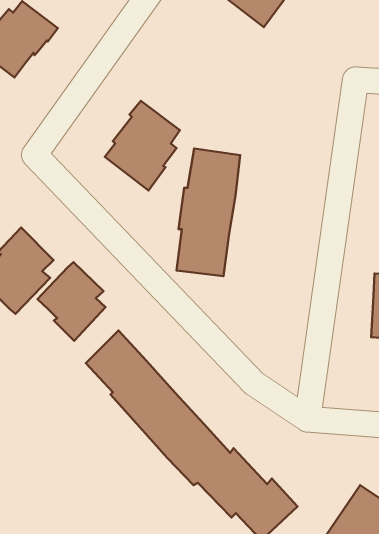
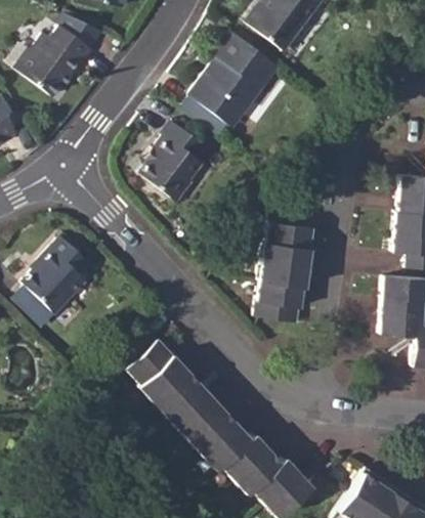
building: none -> [189,31,280,126]
building: [176,149,240,276] -> [255,207,313,323]
building: [38,262,106,341] -> none

